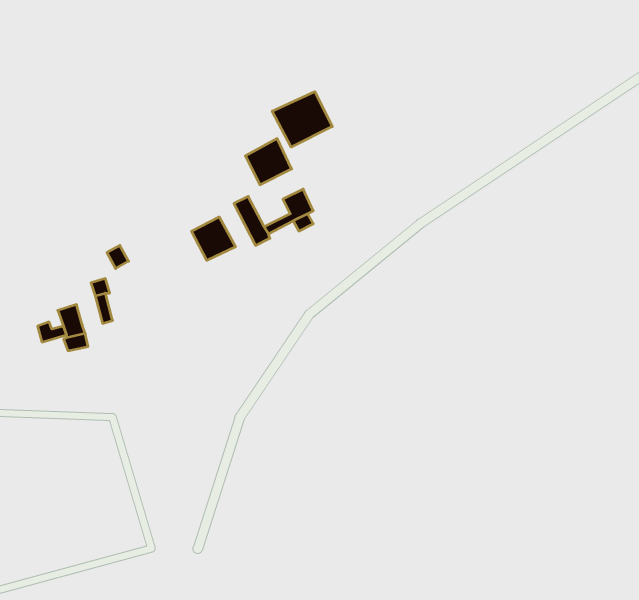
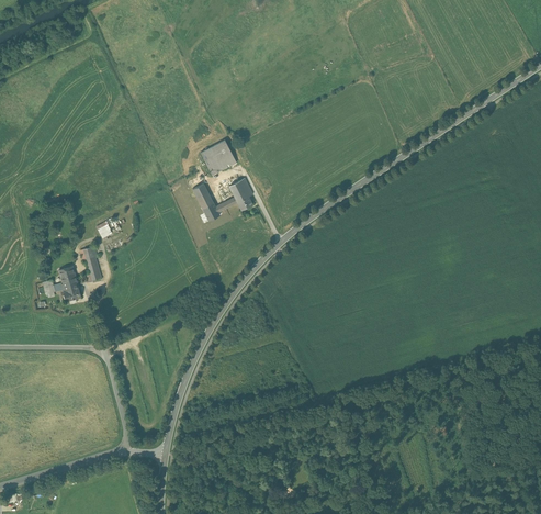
building: [272,92,332,147] -> none
building: [192,217,235,260] -> none

